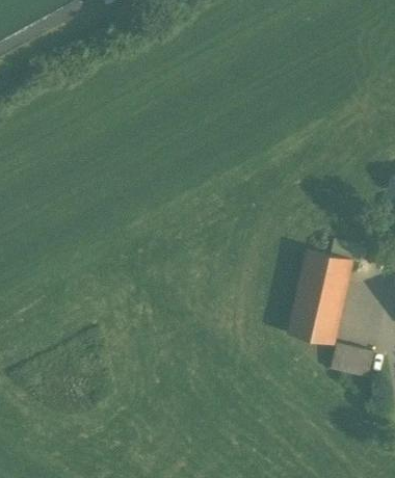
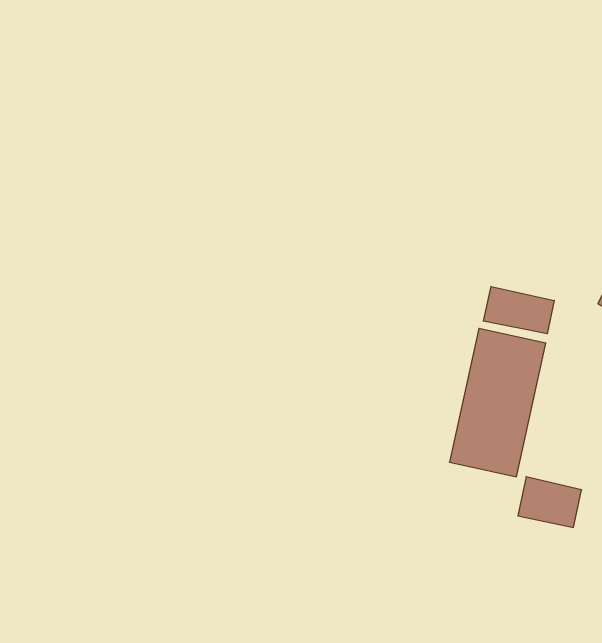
building: none -> [483,286,554,334]

